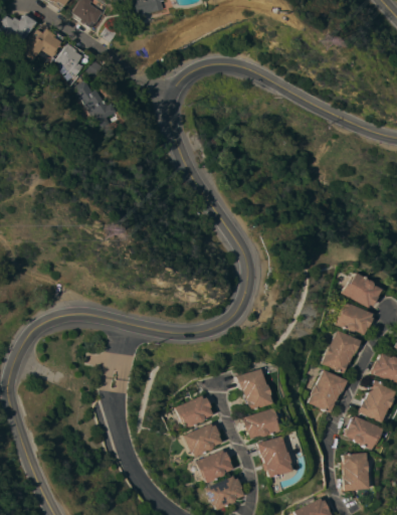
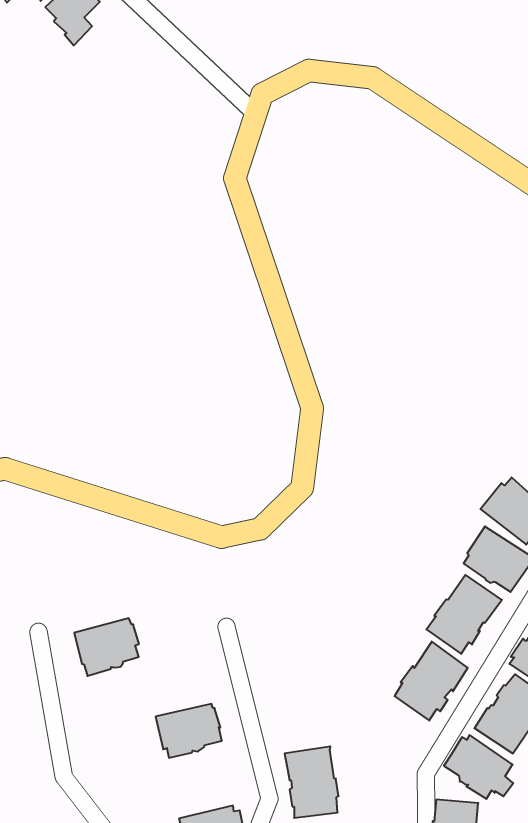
building: [75,79,121,128] -> none
building: [236,368,271,410] -> none
building: [176,394,213,430] -> [74,618,139,676]
building: [243,407,278,439] -> none
building: [192,449,234,483] -> none

